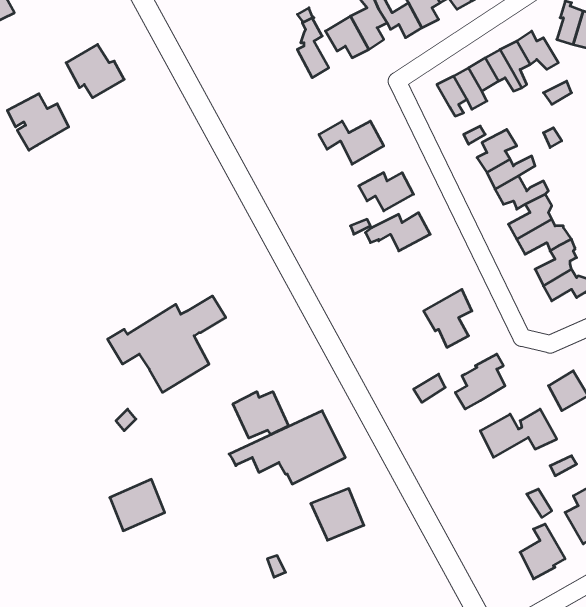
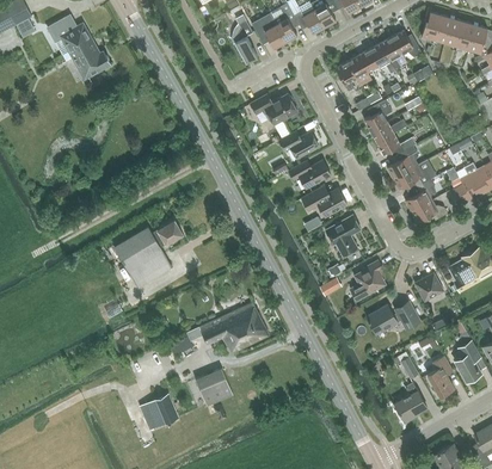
building: [7,94,69,150] -> [48,16,92,56]
building: none -> [302,189,348,217]
building: [233,392,289,438] -> none
building: [110,479,165,531] -> [140,394,179,431]
building: [311,489,364,540] -> [196,369,234,406]

